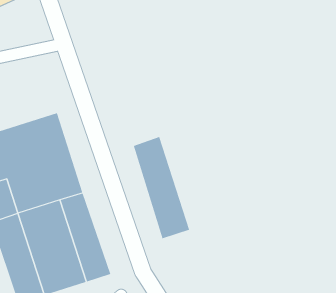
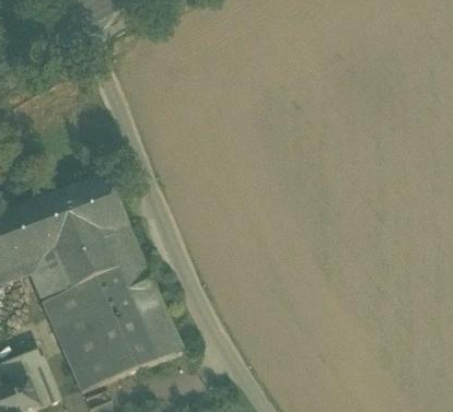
building: [133,136,190,239] -> none

